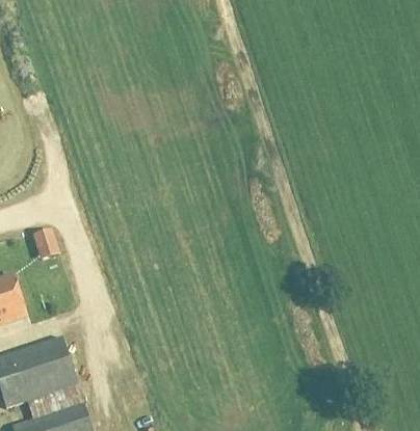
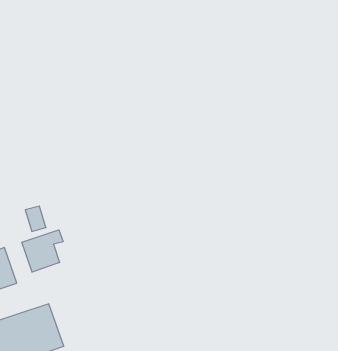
building: none -> [22,230,63,272]

